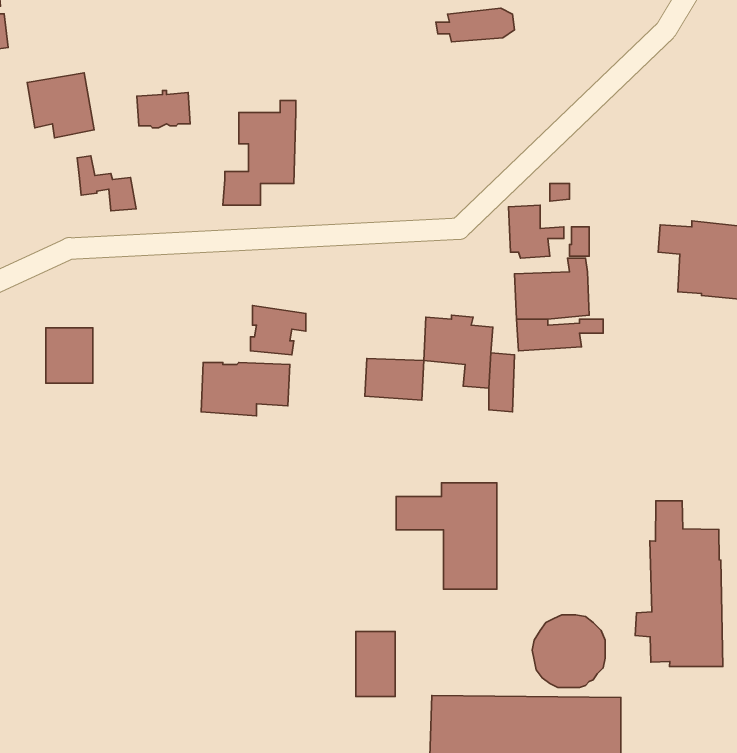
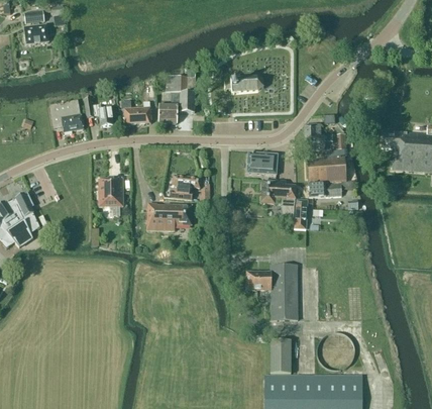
building: [436,8,515,42] -> [223,76,263,93]
building: [27,73,94,138] -> [48,100,83,133]
building: [137,90,190,128] -> [123,106,150,125]
building: [46,328,93,383] -> [98,179,122,207]
building: [365,359,424,400] -> [246,154,277,175]
building: [635,501,723,667] -> none
building: [356,631,395,696] -> [269,340,290,374]

